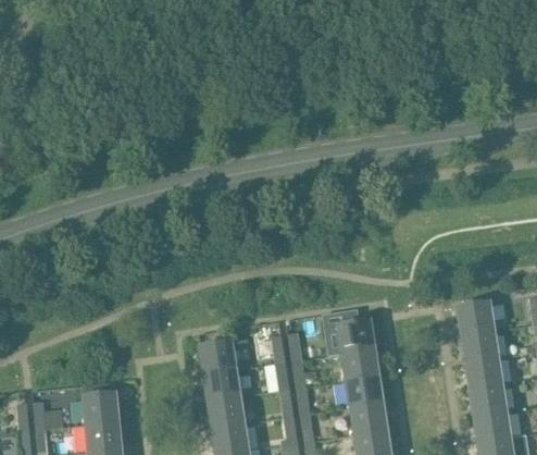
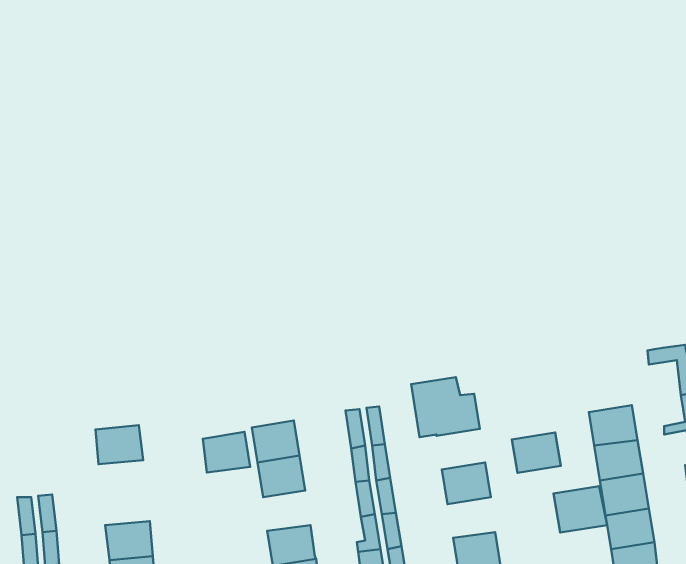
building: [455,303,494,335] -> none
building: [341,348,379,380] -> [512,432,561,473]
building: [82,393,118,423] -> [96,425,143,464]
building: none -> [554,486,607,533]
building: [207,396,243,428] -> [203,432,250,473]
building: [350,402,387,433] -> none

